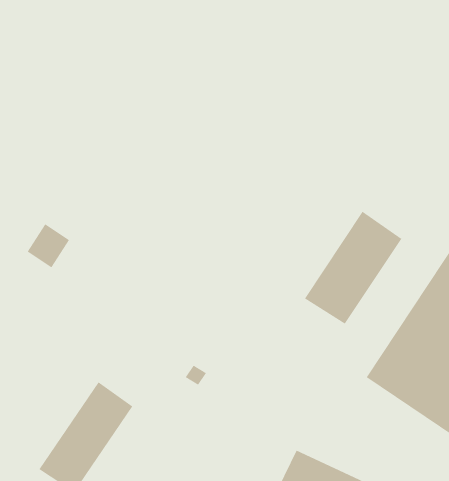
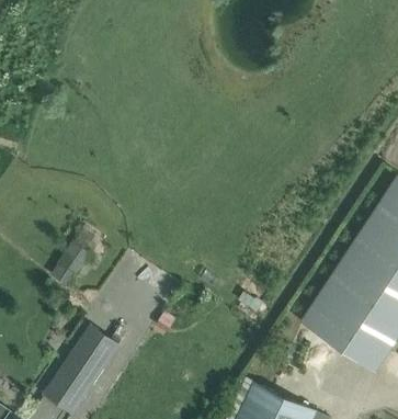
building: [304,211,402,325] -> none
building: [27,224,70,268] -> [57,242,91,278]

